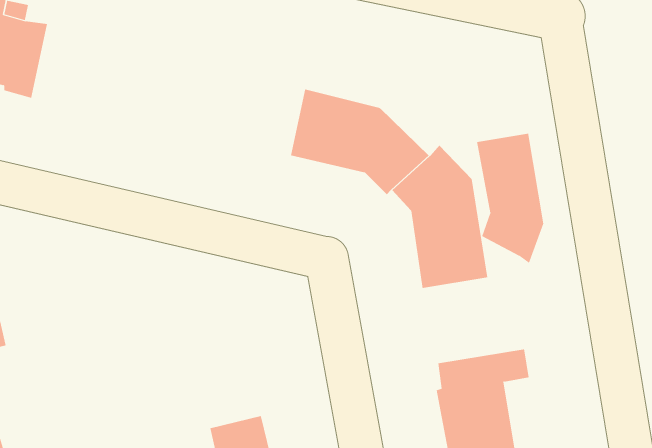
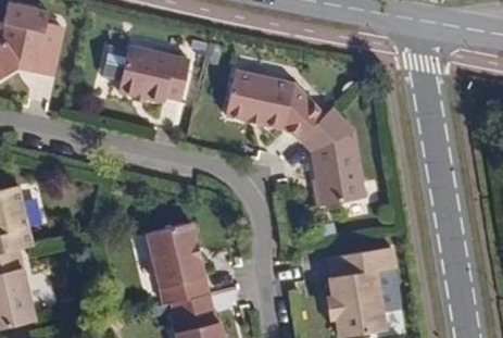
building: none -> [100,47,189,103]
building: [477,133,544,264] -> none
building: none -> [148,222,209,304]

